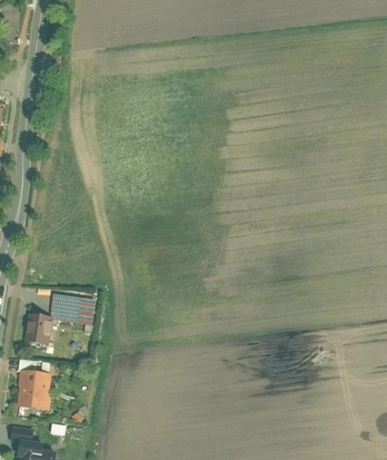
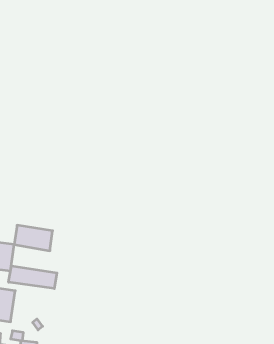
building: none -> [9,266,57,289]

